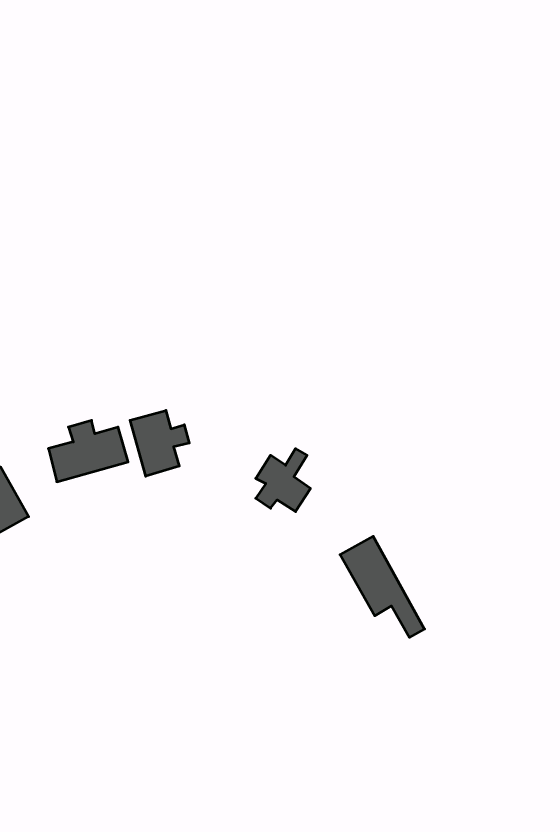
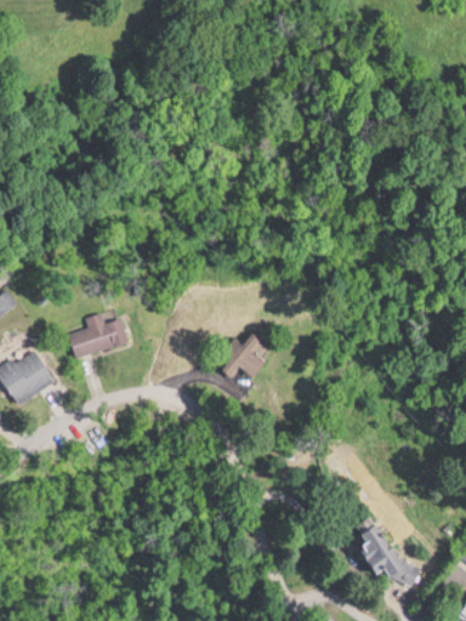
building: [130,410,189,476] -> none
building: [340,536,425,637] -> [350,514,411,588]

